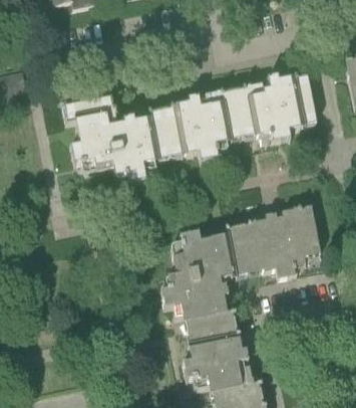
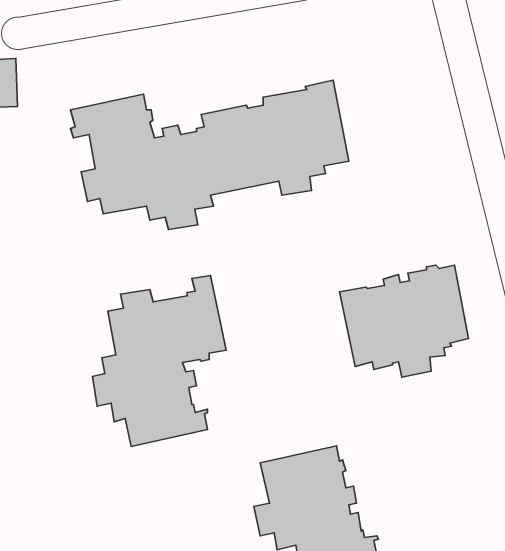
building: [233,74,316,143] -> none
building: [160,223,247,334] -> [92,275,226,447]

